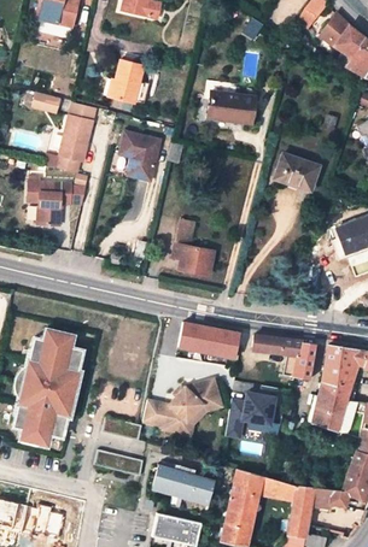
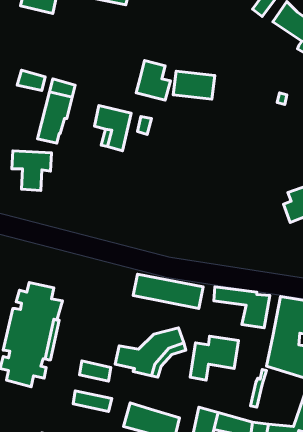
building: [111,60,150,105] -> [136,61,170,100]
building: [275,153,319,188] -> none
building: [174,218,215,275] -> none

